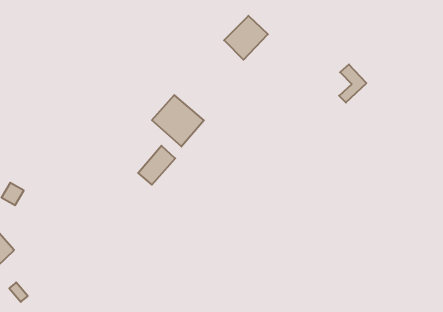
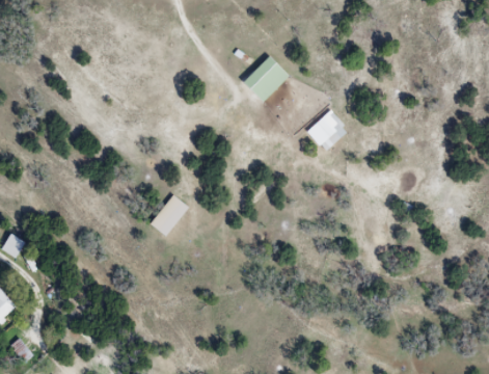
building: [339,64,366,103] -> [320,109,349,150]
building: [152,95,204,147] -> none

